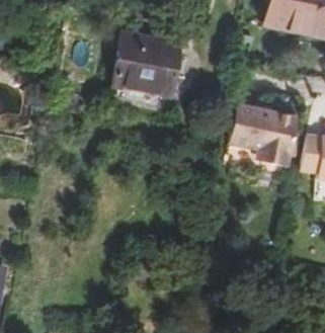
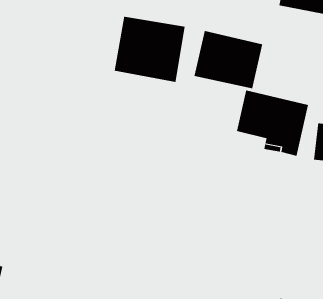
building: none -> [194,30,263,89]

